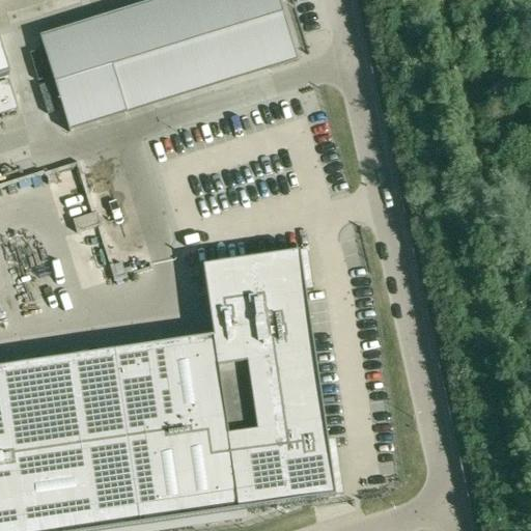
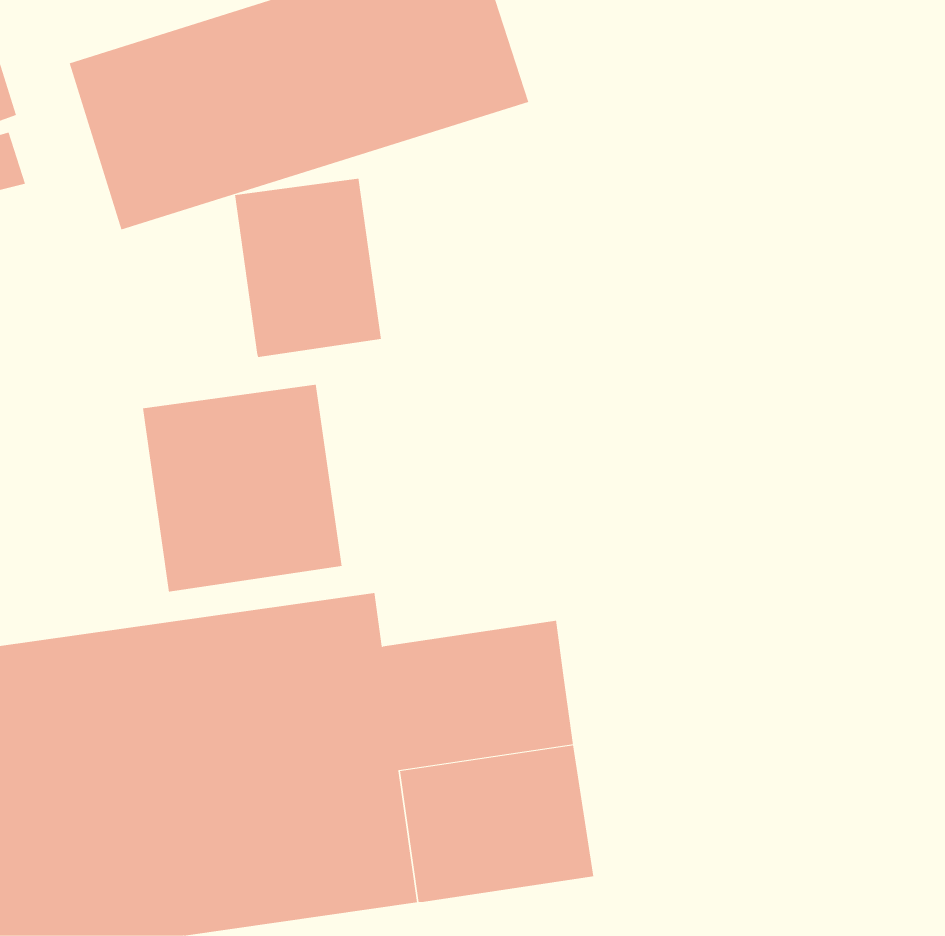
building: none -> [234,178,382,358]
building: [199,245,311,361] -> [142,384,343,592]

